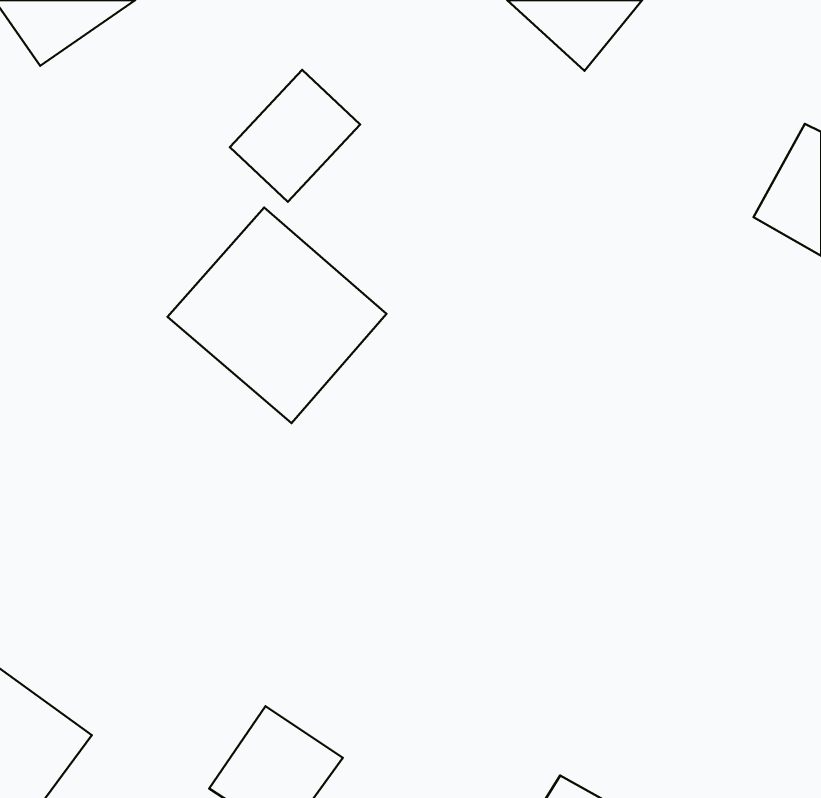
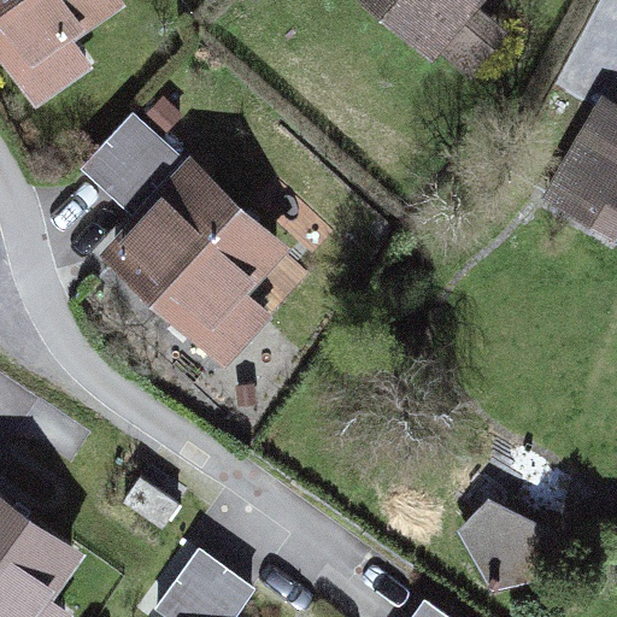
building: [230,70,360,202] -> [81,112,178,211]
building: none -> [452,492,556,593]

